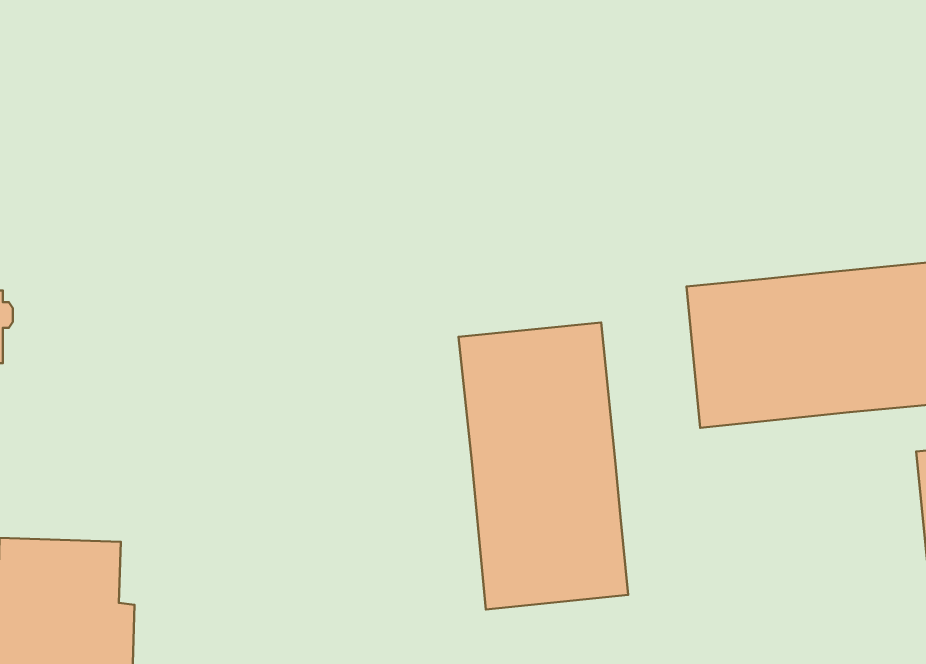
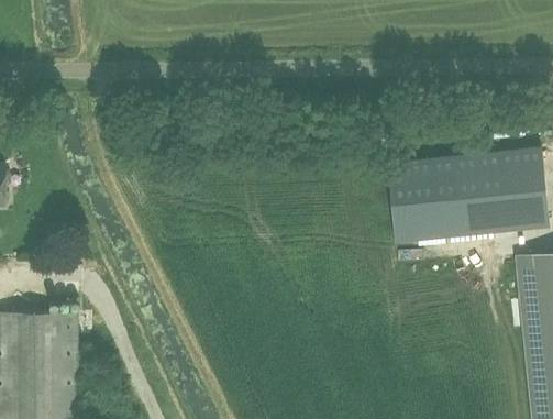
building: [459,322,628,610] -> none

